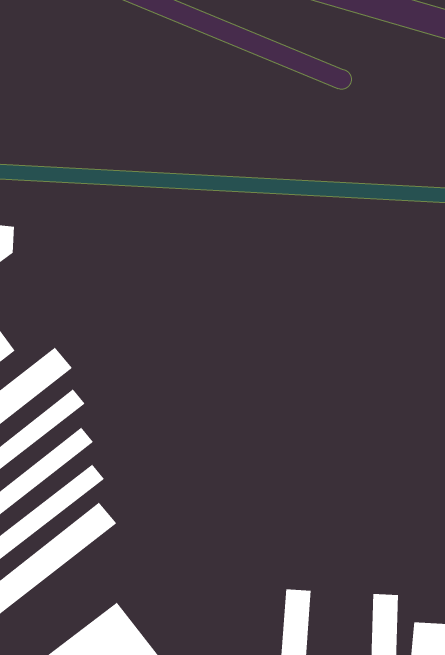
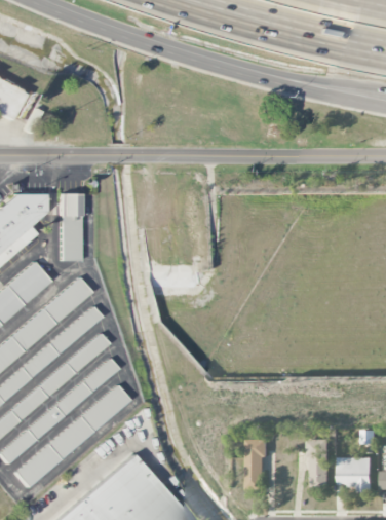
building: none -> [62,195,82,262]

